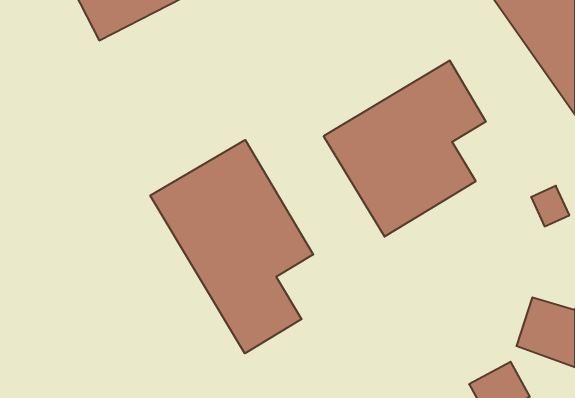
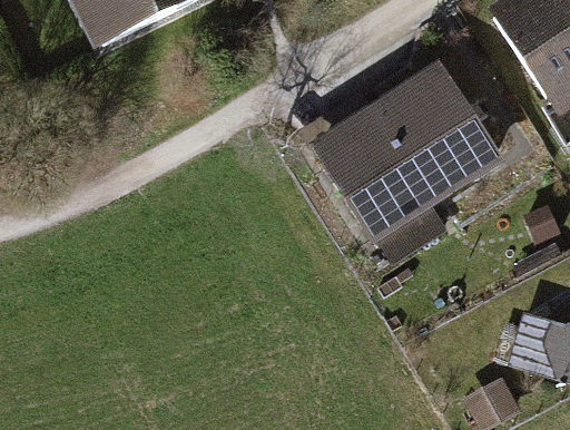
building: [150,140,313,353] -> none

